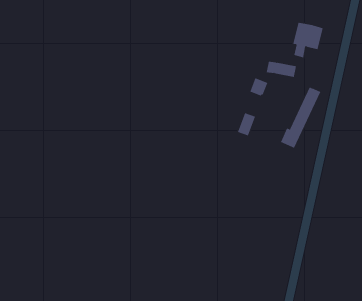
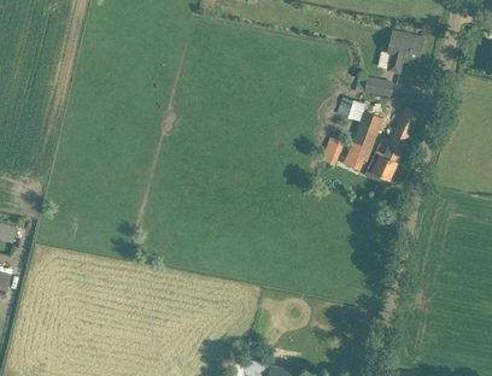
building: none -> [346,112,381,163]

